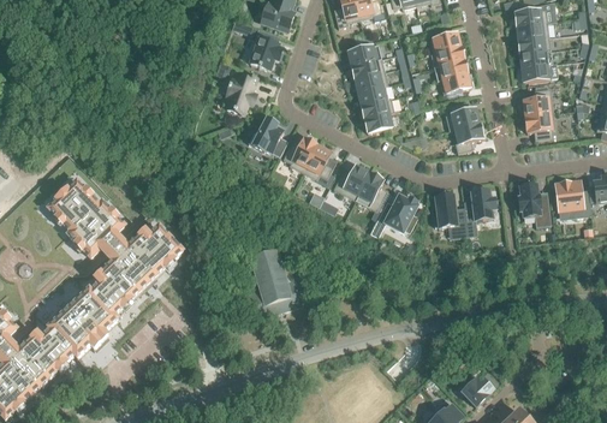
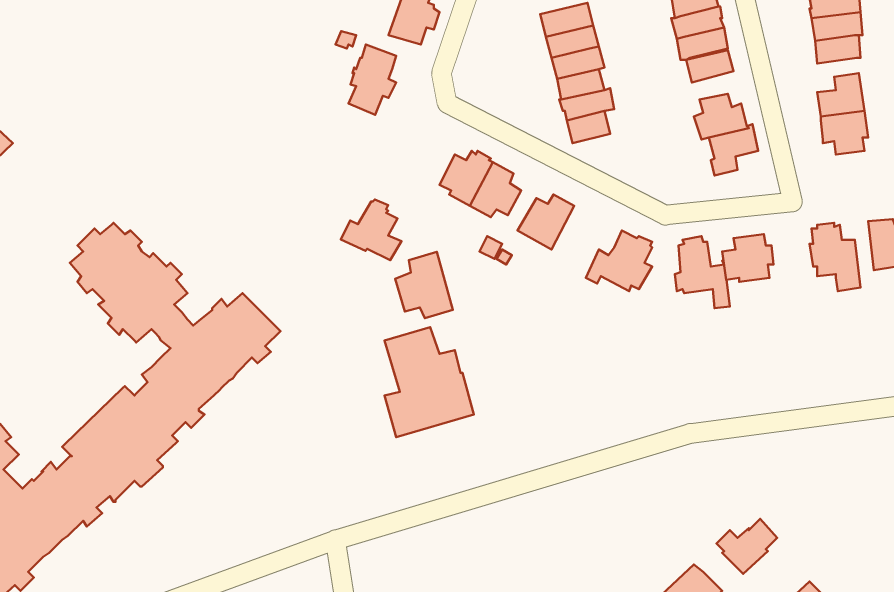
building: [248,118,286,156] -> [341,200,401,260]
building: [355,172,388,210] -> none
building: none -> [395,252,453,318]

